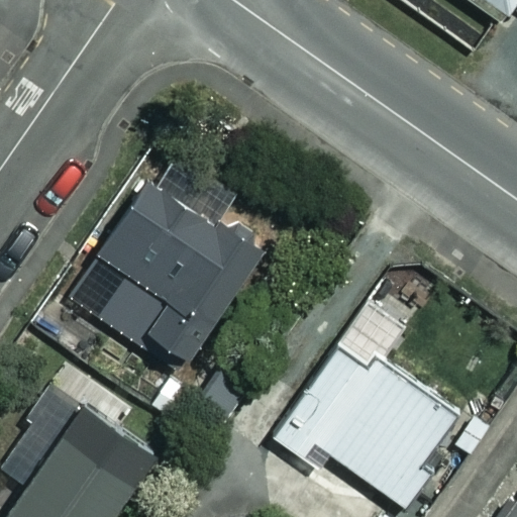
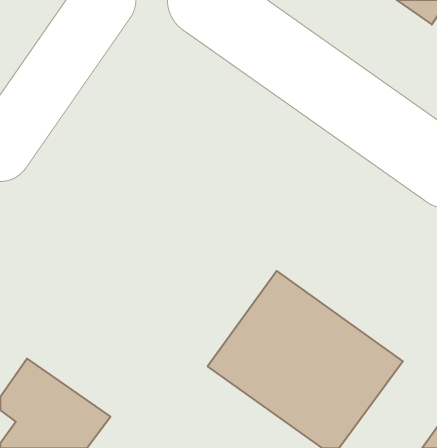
building: [78,181,262,366] -> none

